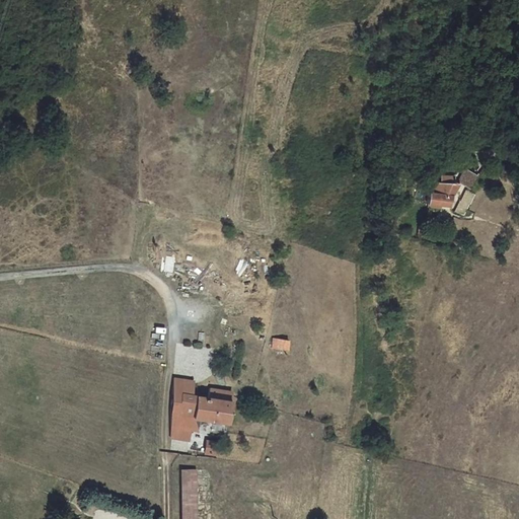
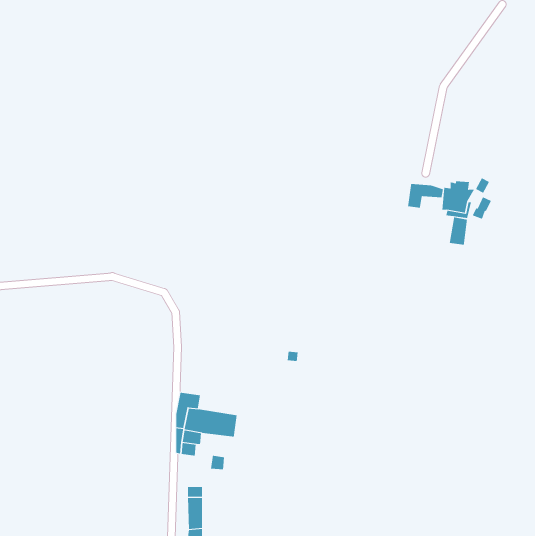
building: none -> [408,183,443,209]
building: none -> [449,217,468,245]

